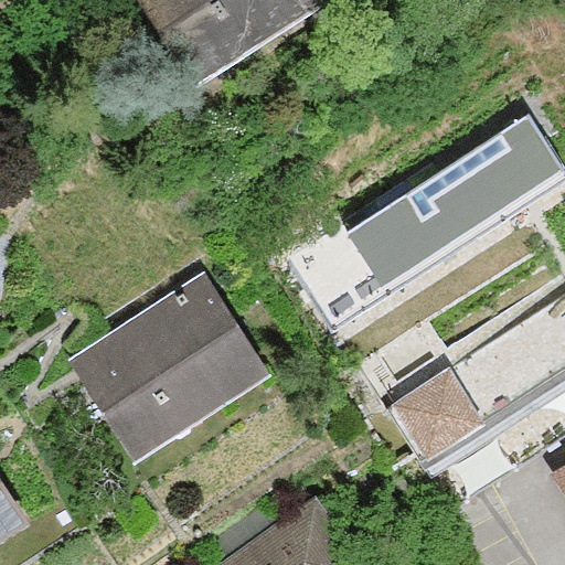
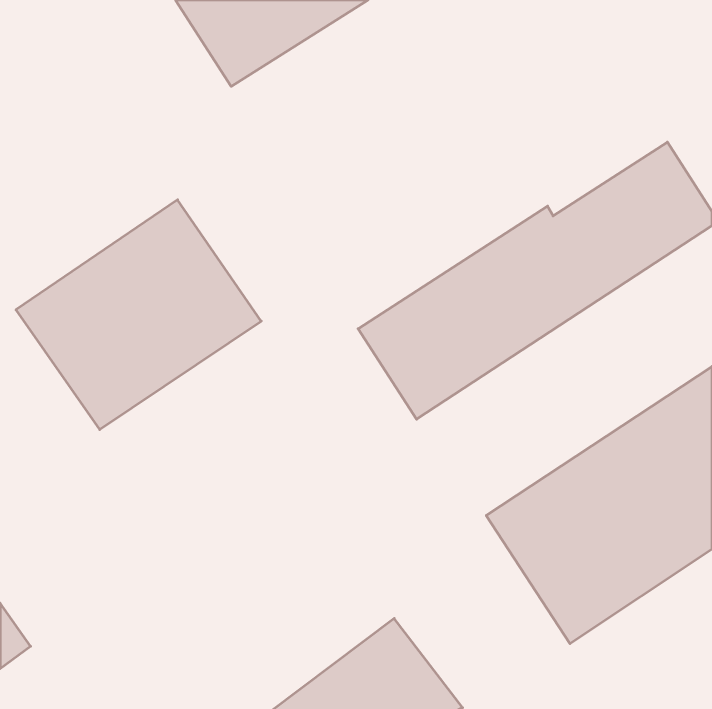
building: [75,277,269,459] -> [16,200,261,430]

